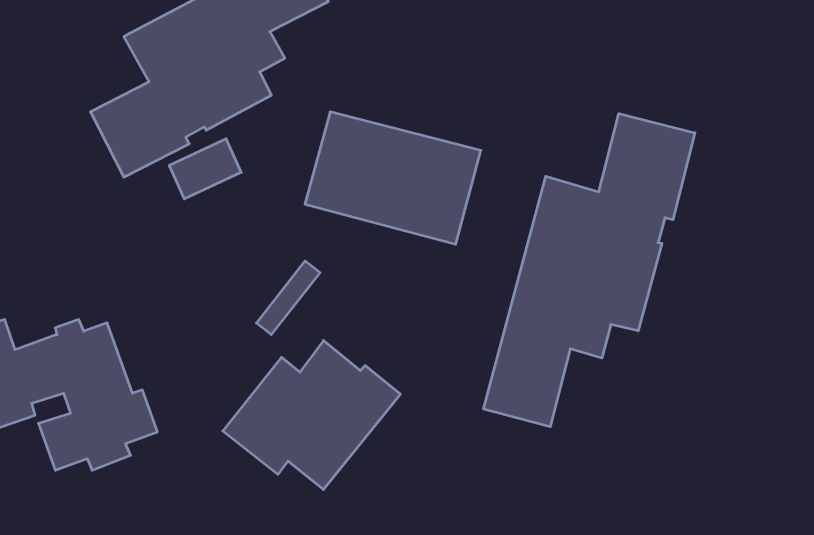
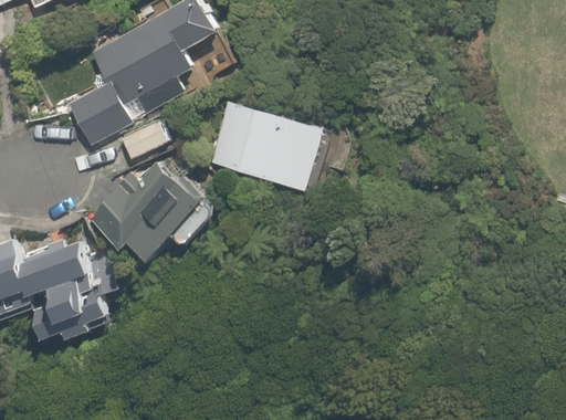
building: [484,114,695,427] -> none
building: [223,340,400,490] -> [87,161,205,260]

